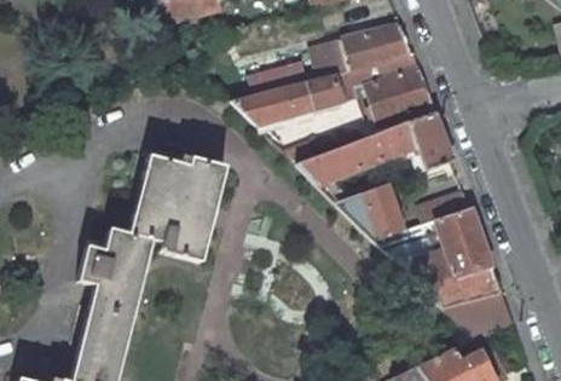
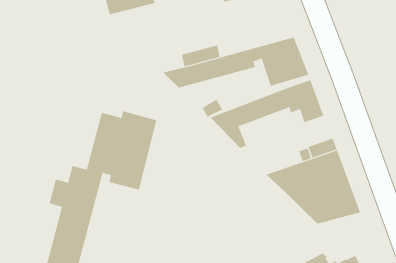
building: [312,24,411,79] -> none
building: [337,186,404,241] -> none
building: [443,293,511,339] -> none

